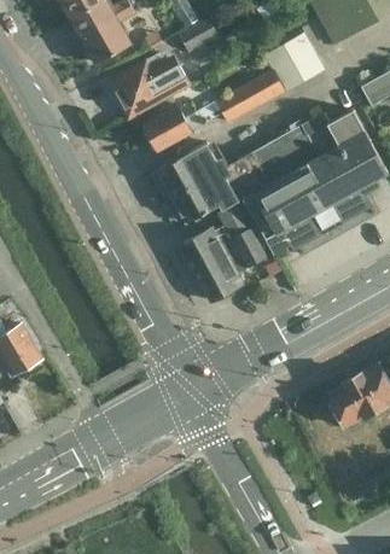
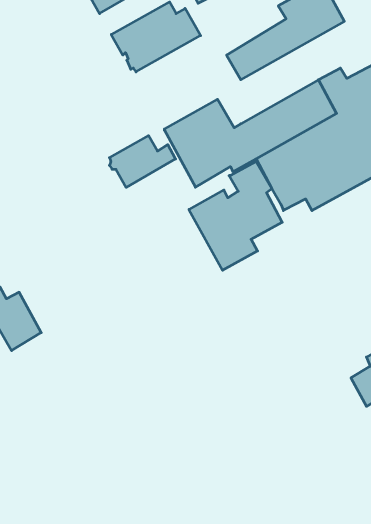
building: [141,104,203,152] -> [109,136,176,187]

